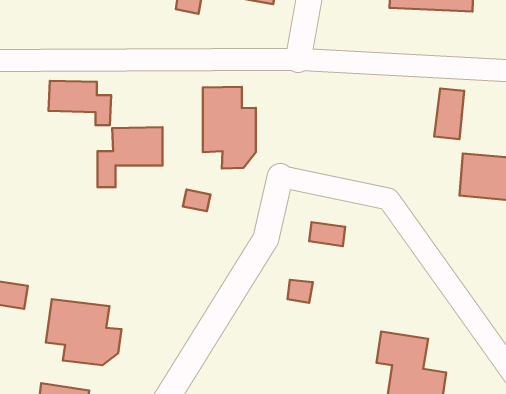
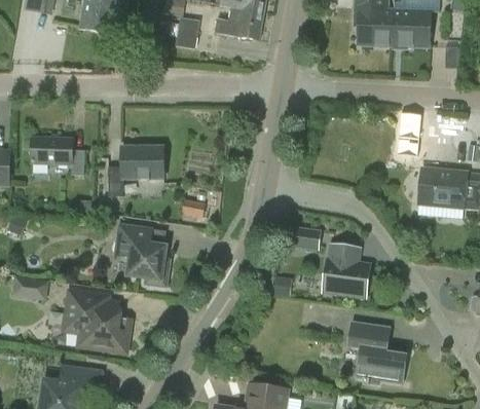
building: [49,81,111,125] -> [31,137,84,175]
building: [203,87,256,169] -> none
building: none -> [114,223,169,286]
building: none -> [323,243,369,296]

